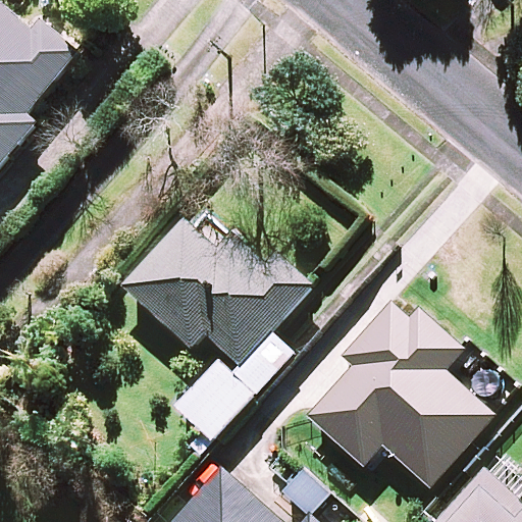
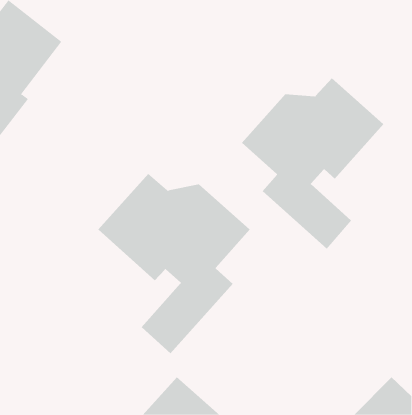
building: none -> [241,78,384,249]
building: [307,302,492,487] -> none

